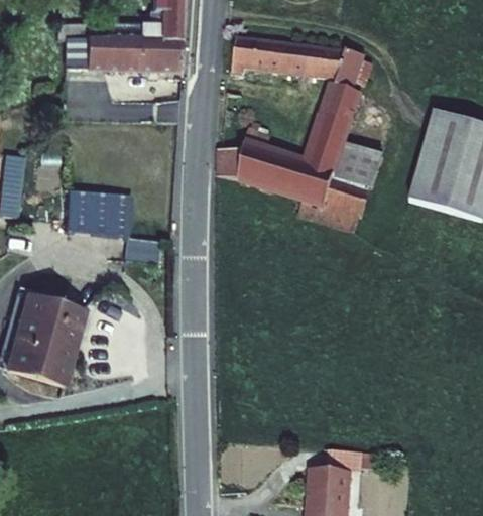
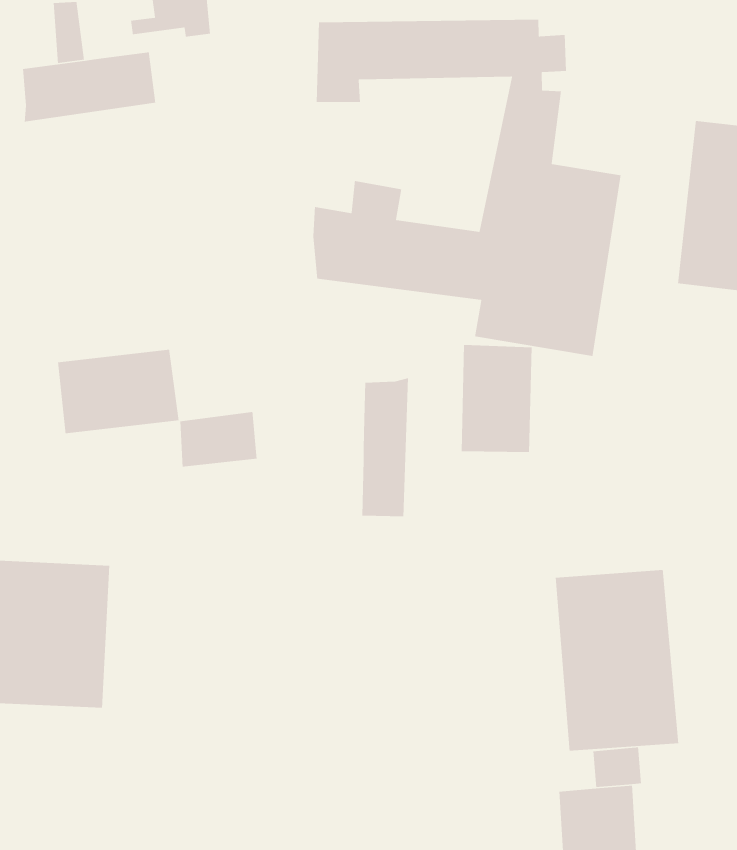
building: [114,20,177,67] -> none
building: none -> [461,344,532,453]
building: none -> [361,377,409,517]
building: none -> [555,569,679,752]

